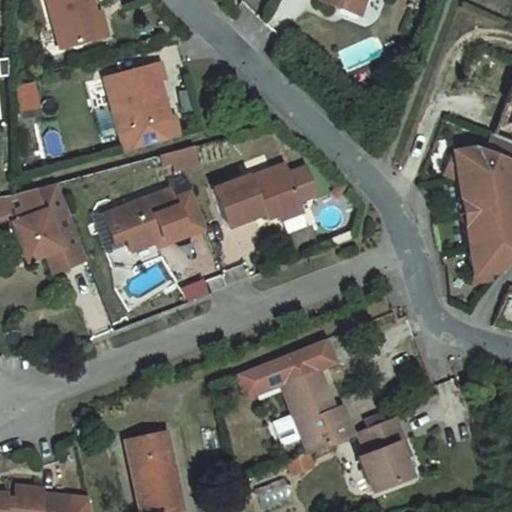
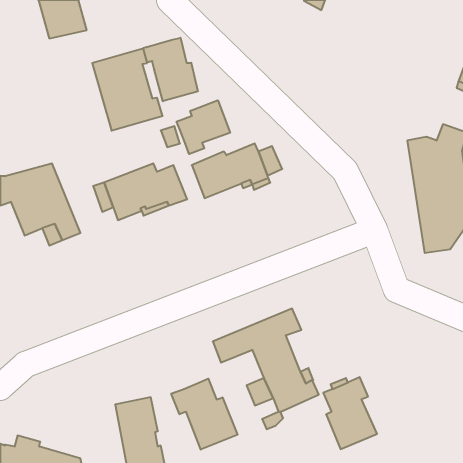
building: none -> [143,38,198,101]
building: none -> [177,100,230,154]
building: none -> [171,379,238,450]

